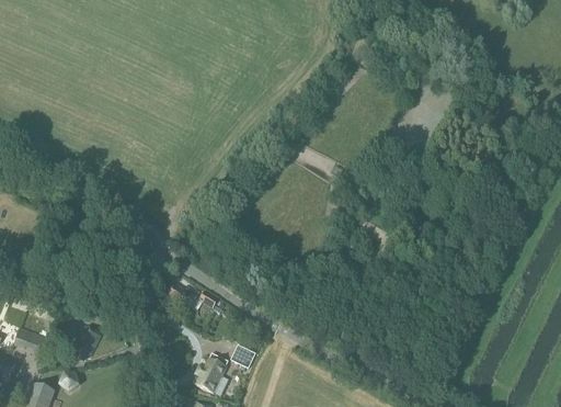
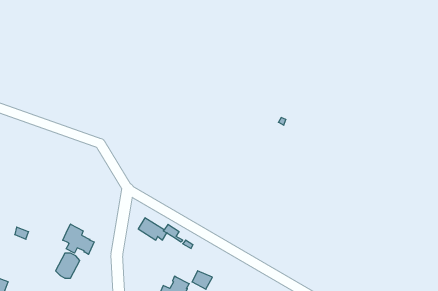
building: none -> [63,224,94,254]
building: [13,326,51,357] -> none

